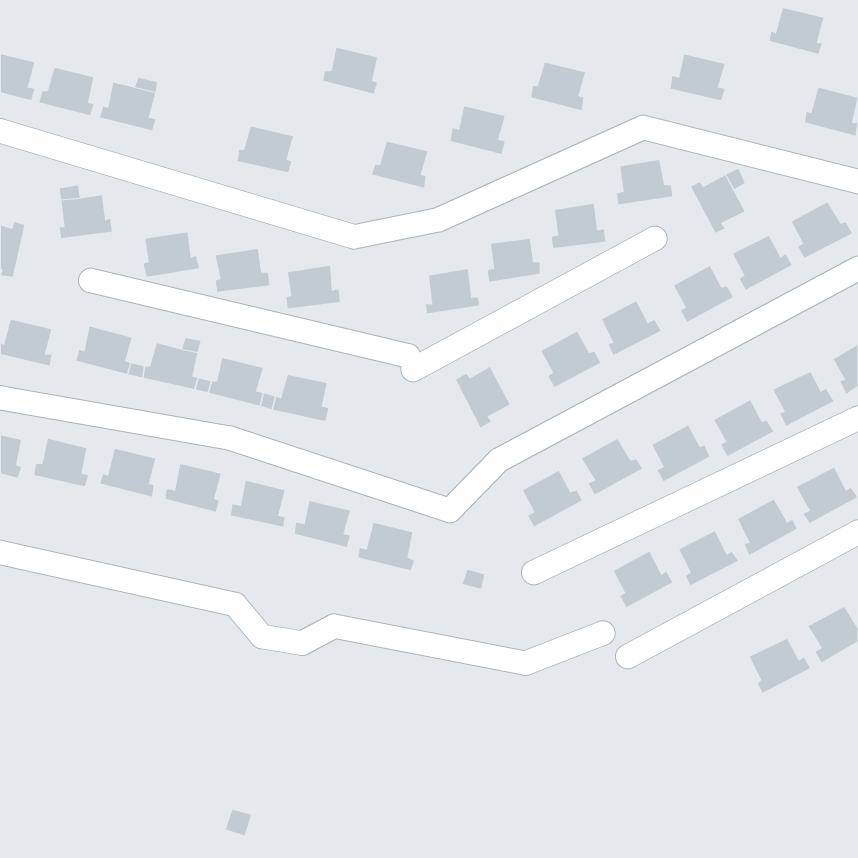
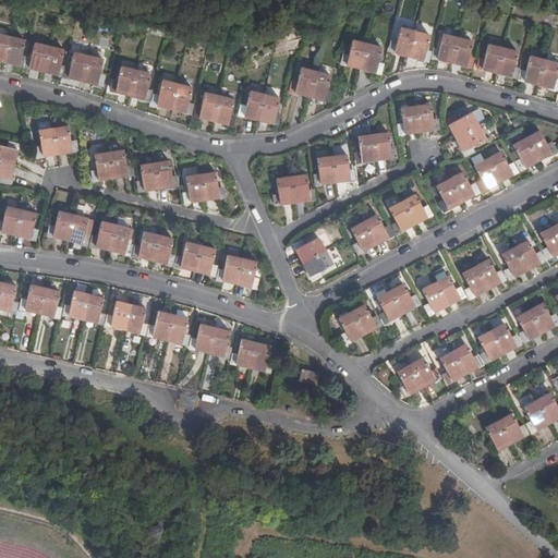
building: [769,7,824,54] -> [481,45,517,75]
building: none -> [392,28,427,59]
building: [323,47,378,94] -> [195,94,231,124]
building: none -> [111,68,149,99]
building: none -> [218,256,255,287]

